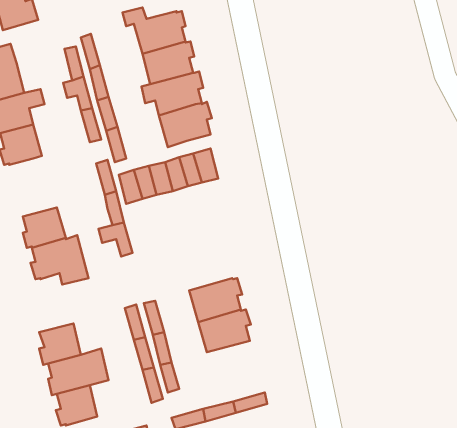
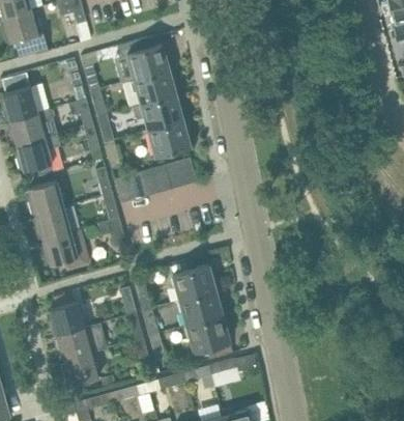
building: none -> [28,180,63,215]
building: none -> [186,315,229,352]

